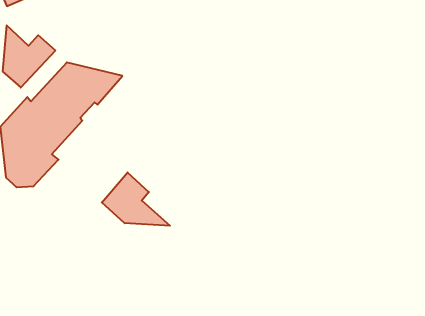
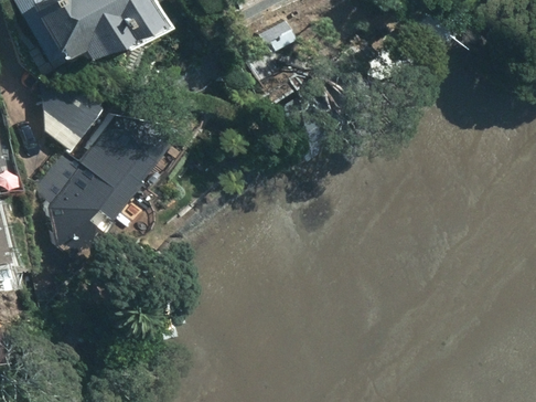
building: [102,172,170,226] -> none

